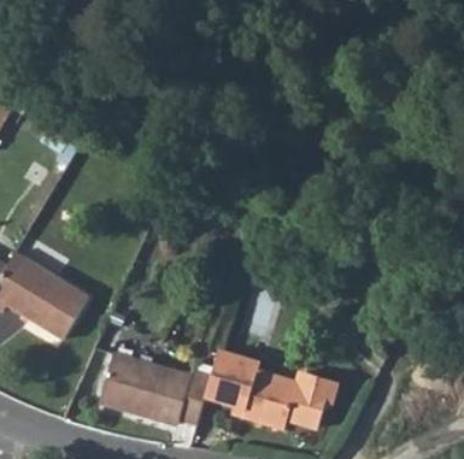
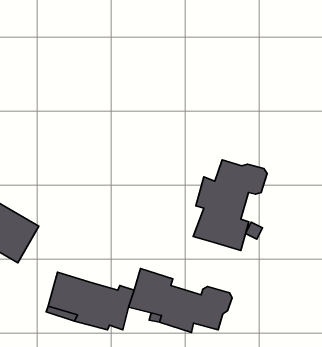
building: none -> [193,160,267,251]

